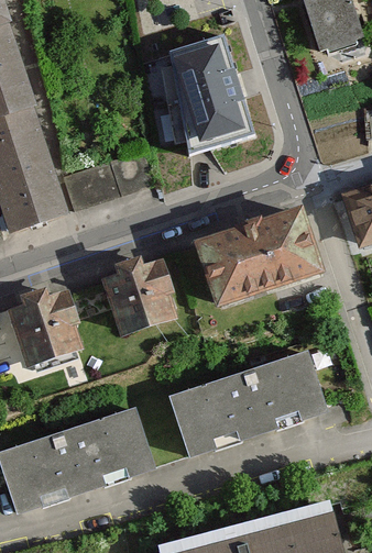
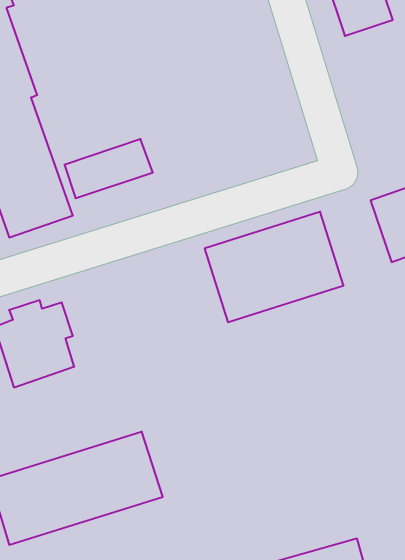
building: [161,36,248,151] -> none
building: [101,257,174,335] -> none
building: [167,346,321,451] -> none

